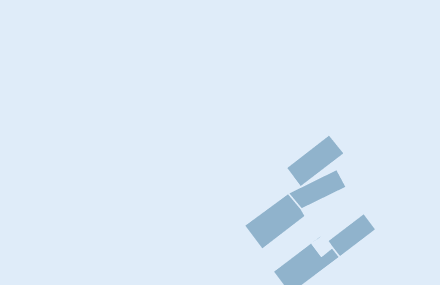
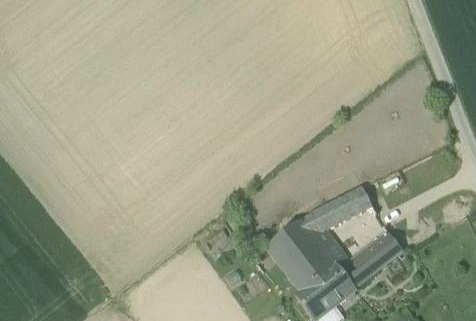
building: [286,134,344,187] -> [284,235,345,290]

